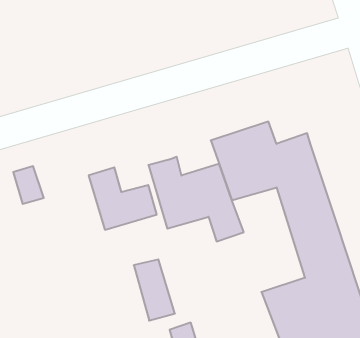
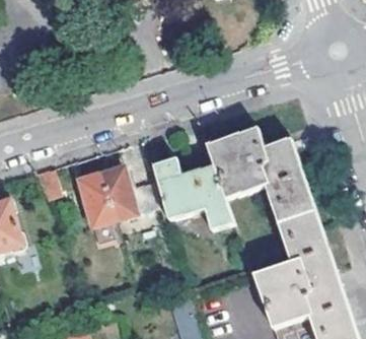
building: [134,259,175,321] -> [80,174,116,226]

